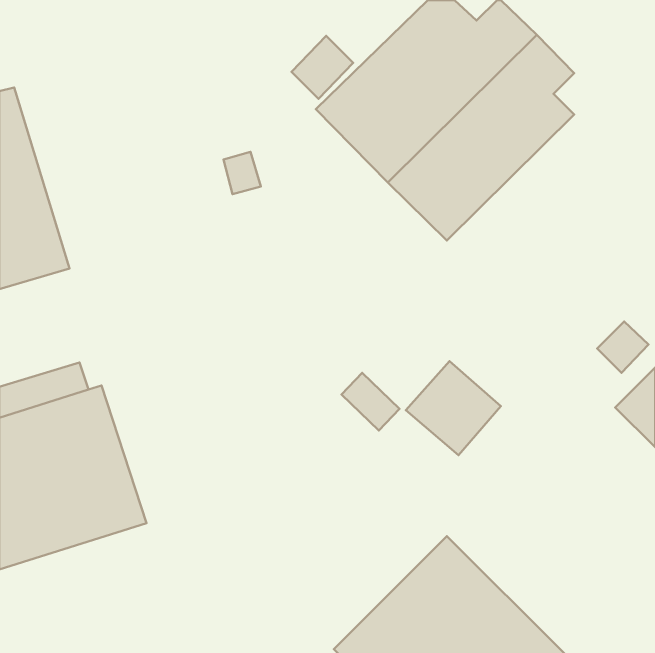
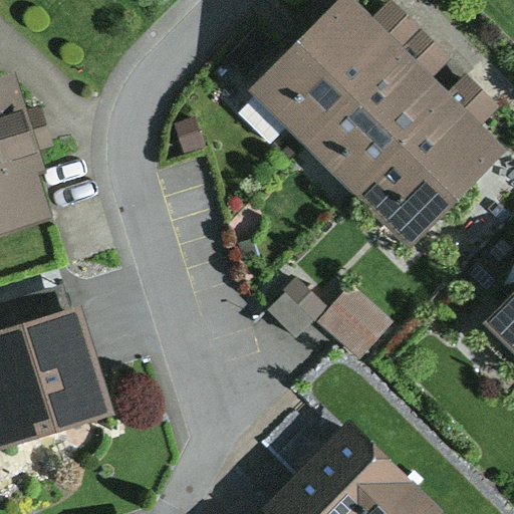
building: none -> [349,74,507,251]

